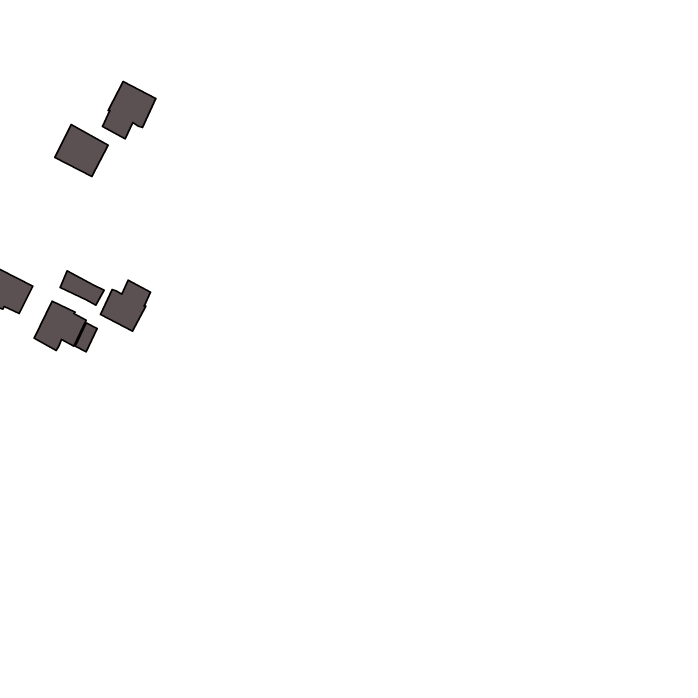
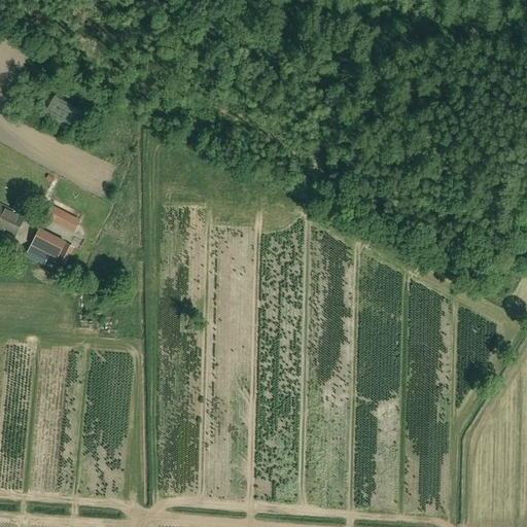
building: [102,82,156,139] -> none
building: [101,280,151,331] -> none

